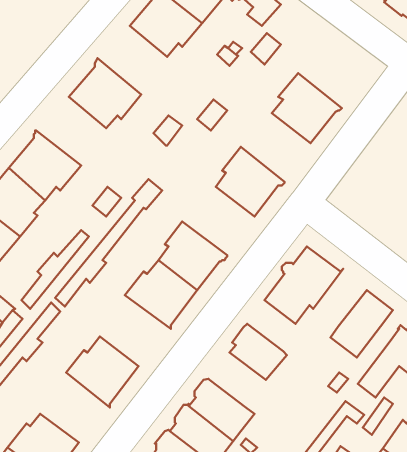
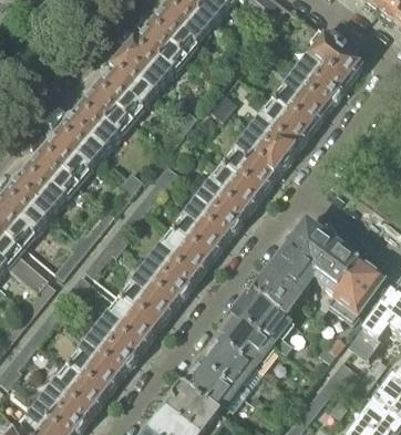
building: none -> [122,24,184,85]
building: none -> [300,33,362,97]
building: none -> [68,87,130,148]
building: none -> [249,102,311,163]
building: none -> [197,167,261,228]
building: none -> [313,240,361,291]
building: none -> [124,263,187,327]
building: none -> [255,268,302,313]
building: none -> [222,314,279,369]
building: none -> [71,332,133,394]

